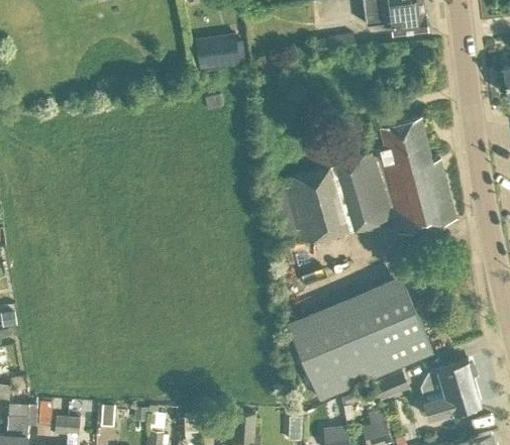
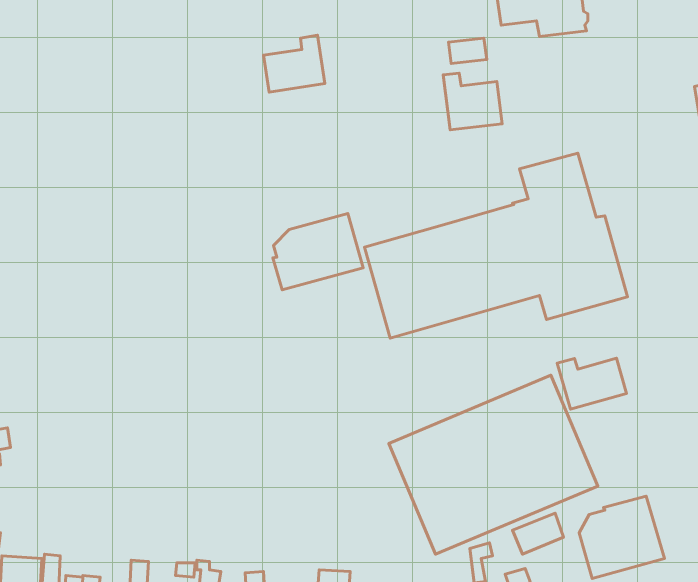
building: none -> [443,73,502,130]
building: none -> [273,213,363,290]
building: none -> [557,358,627,409]

